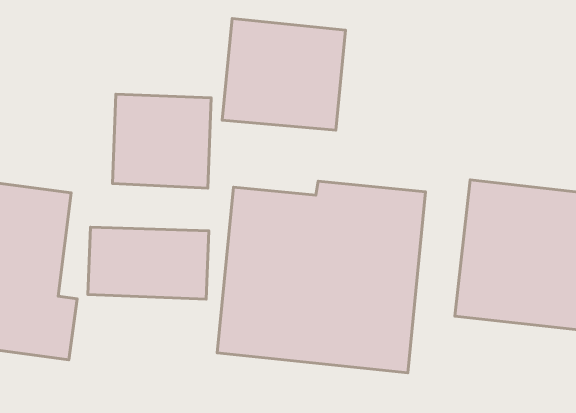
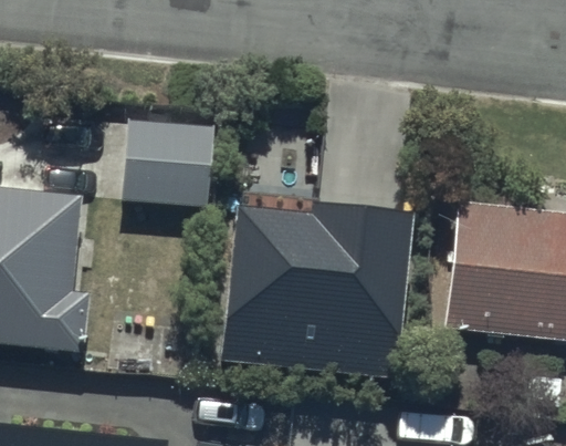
building: [222,19,346,130] -> none
building: [88,227,209,299] -> none

